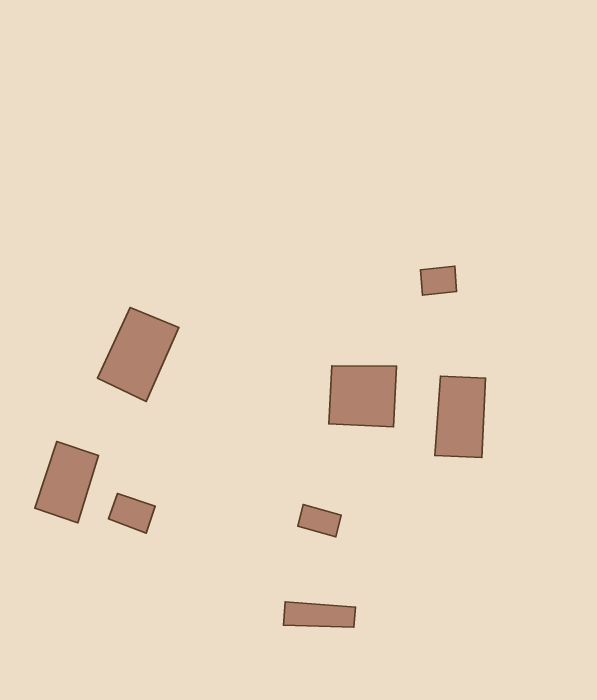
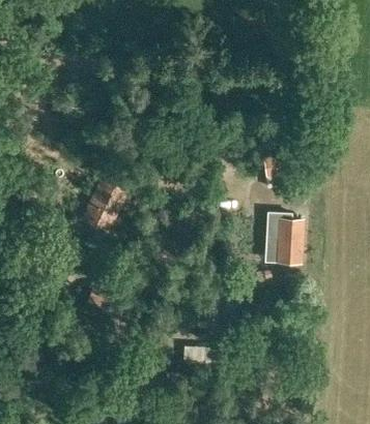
building: [329,366,396,427] -> none
building: [35,442,98,523] -> none

